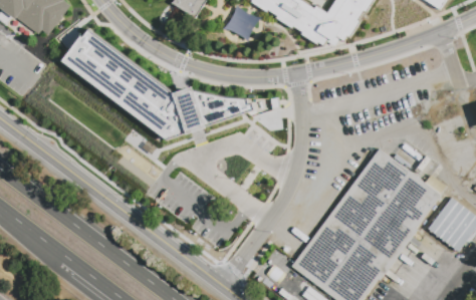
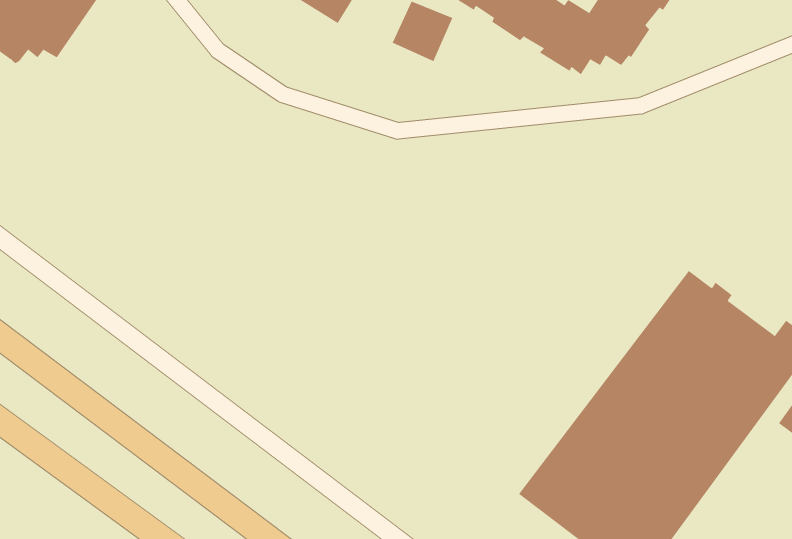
building: [62,27,282,137] -> none

